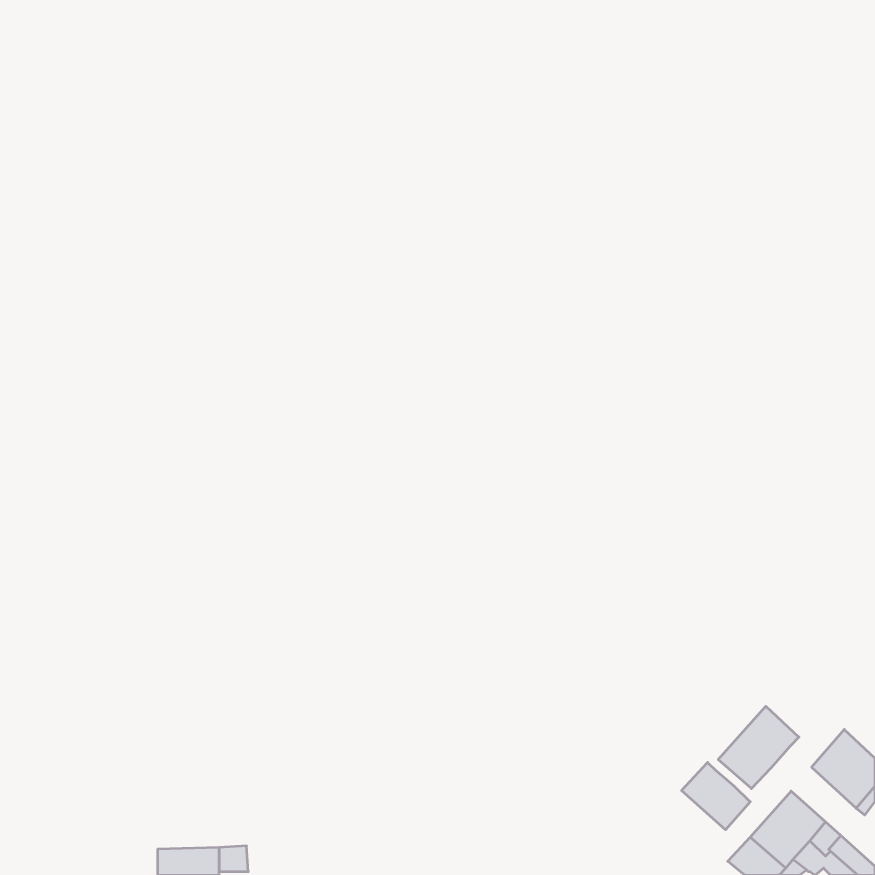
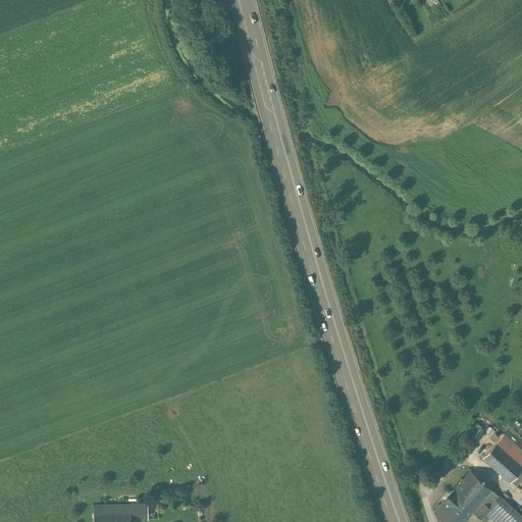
building: [718,706,799,789] -> none
building: [682,762,750,830] -> none

